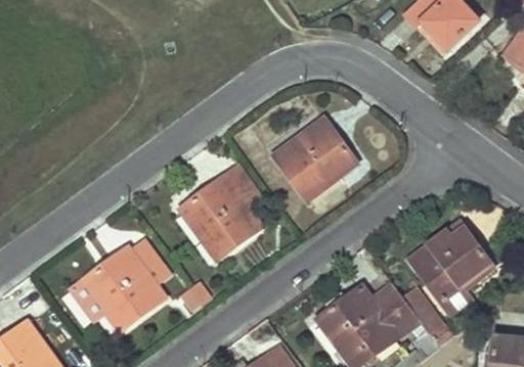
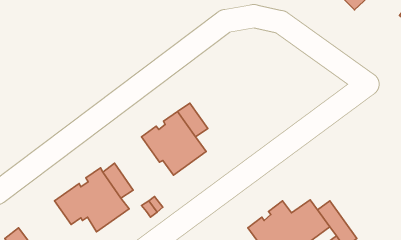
building: [275,117,356,191] -> none
building: [411,222,493,314] -> none

